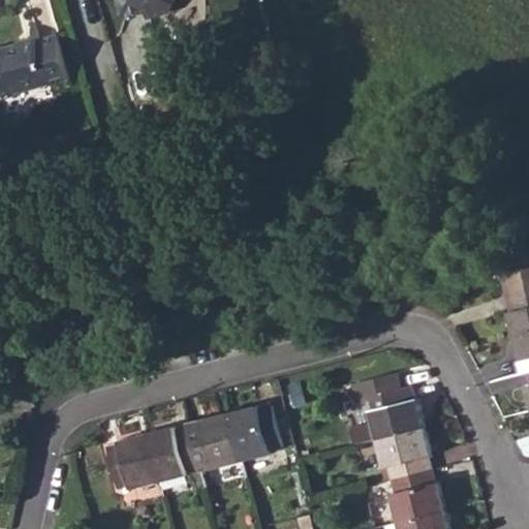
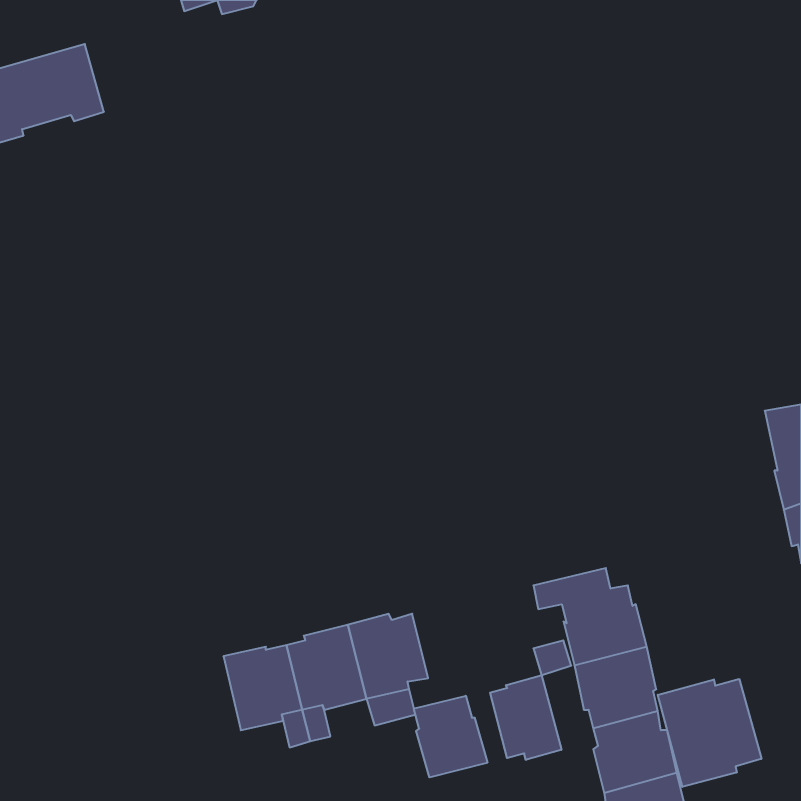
building: [105,433,158,489] -> none
building: none -> [490,675,561,760]
building: none -> [658,679,761,787]
building: none -> [414,696,487,777]

